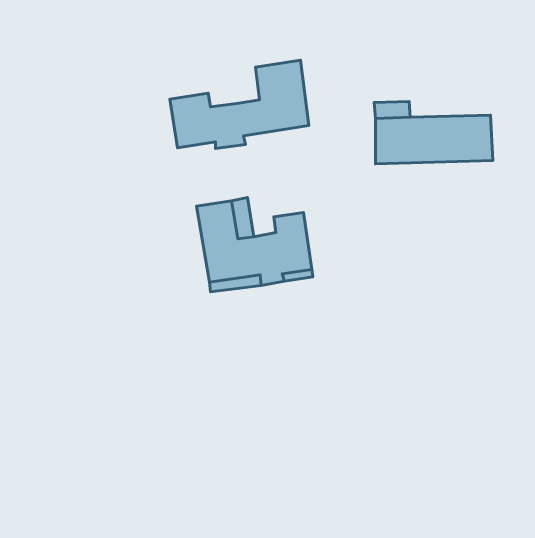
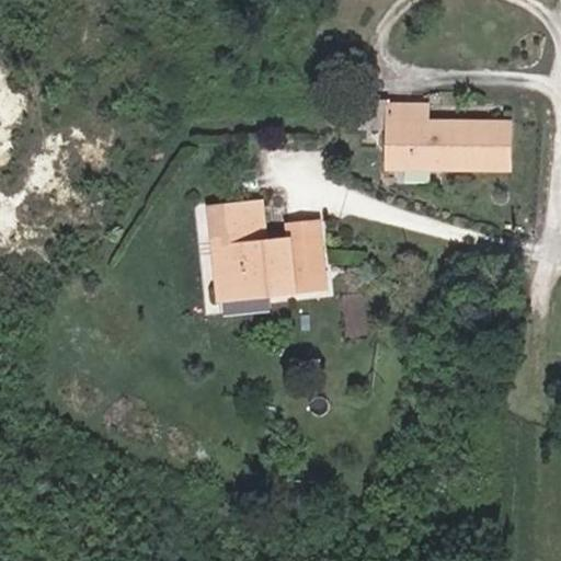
building: [170,60,309,149] -> none

